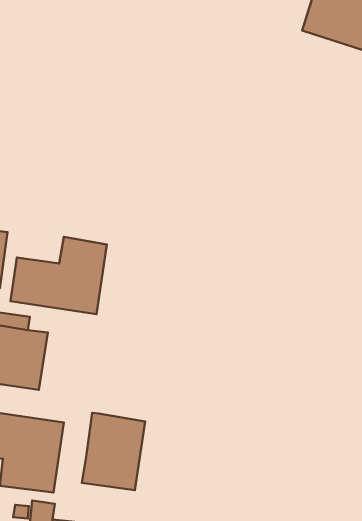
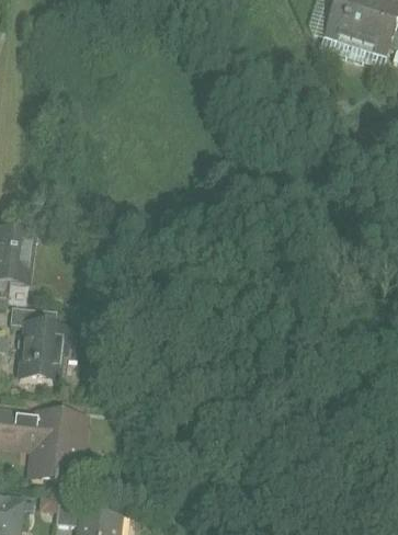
building: [10,237,107,314] -> none
building: [82,413,145,490] -> none

